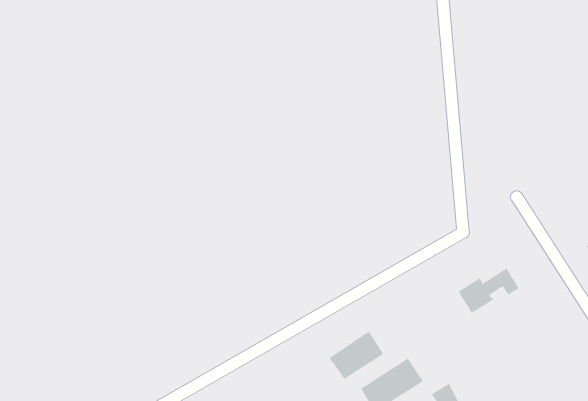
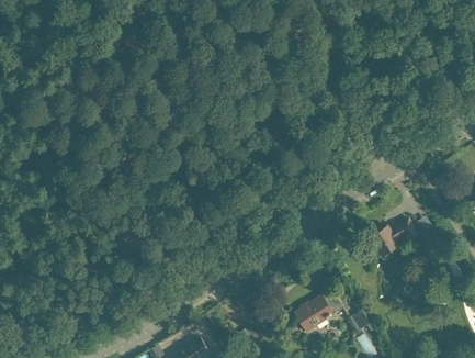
building: [329,331,384,380] -> none

